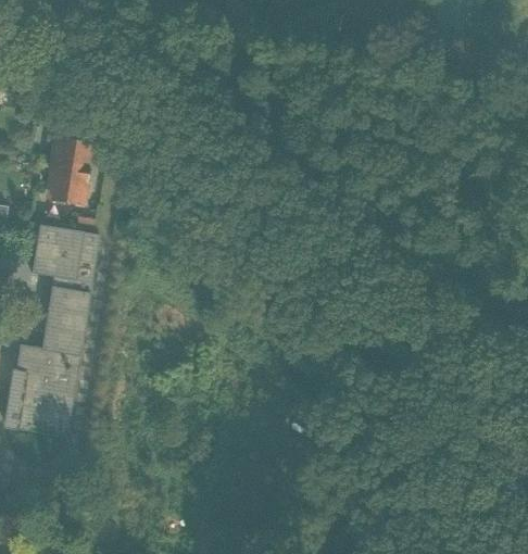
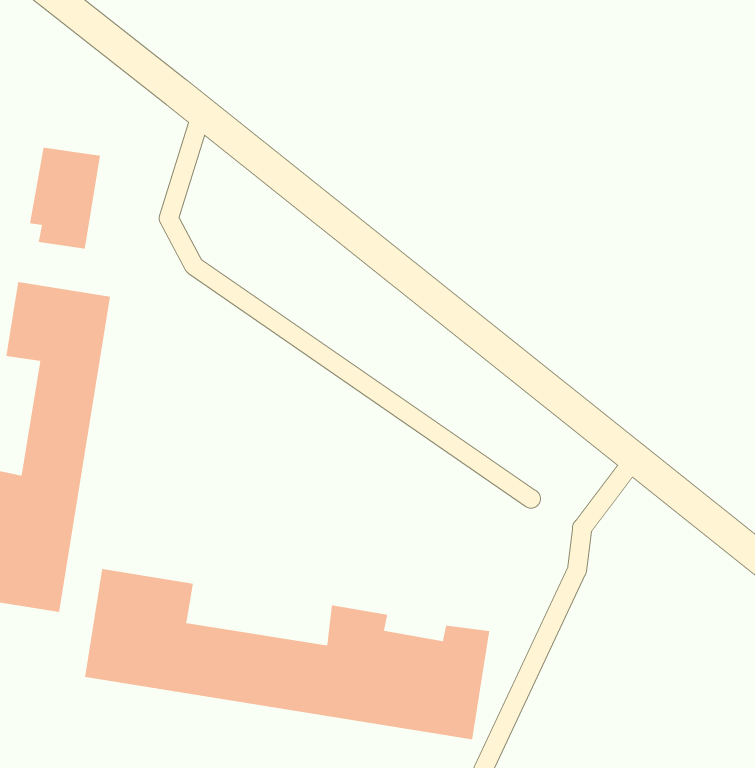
building: none -> [84,568,490,740]

